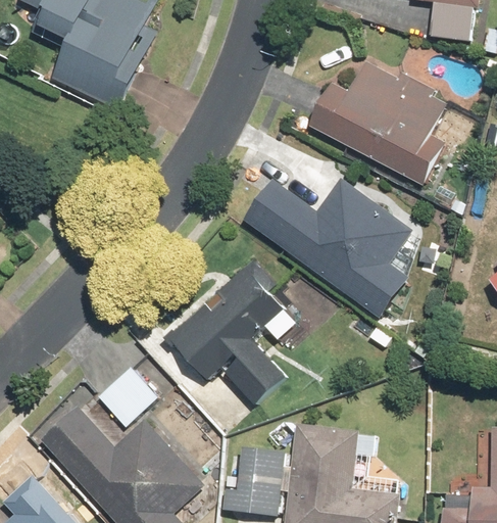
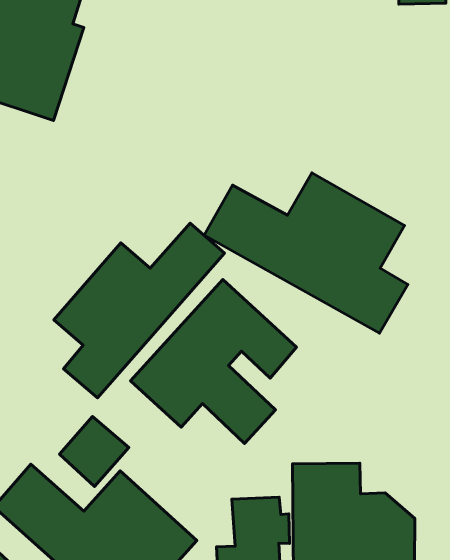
building: [307,61,449,187] -> none
building: none -> [54,223,225,398]

